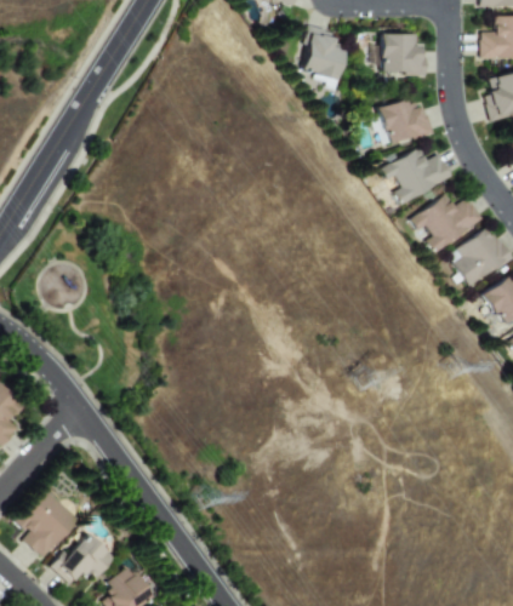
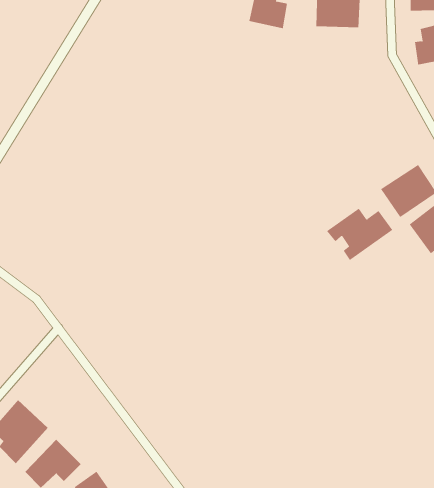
building: [375,98,432,147] -> none
building: [378,149,451,204] -> none
building: [409,195,483,253] -> [326,208,393,261]

